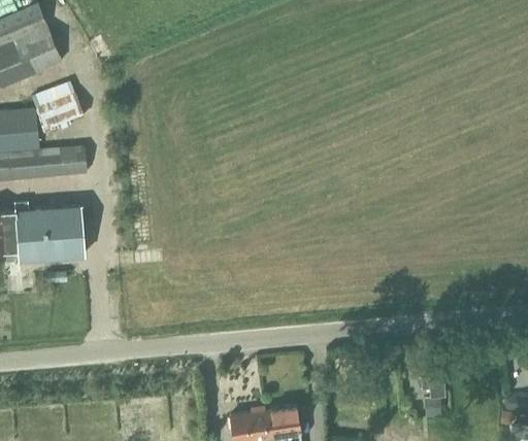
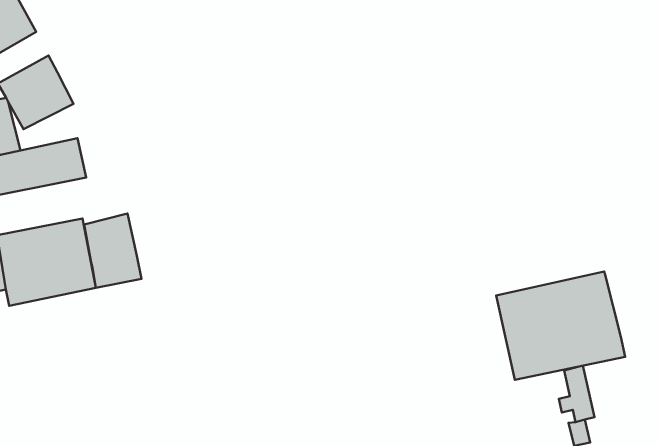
building: none -> [84,214,142,288]
building: none -> [496,271,625,380]

